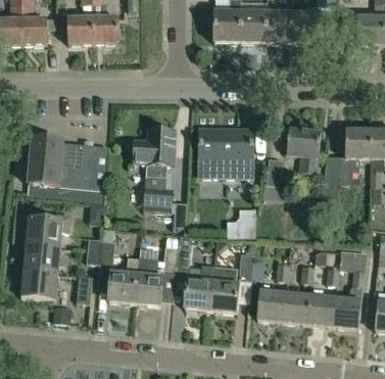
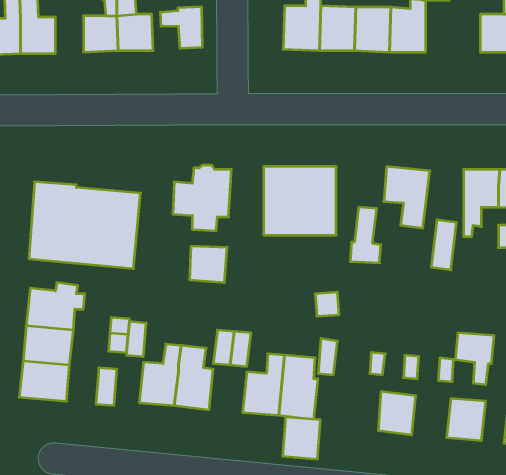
building: none -> [160,7,202,48]
building: [257,290,285,321] -> [283,417,320,459]
building: [307,295,336,326] -> none

